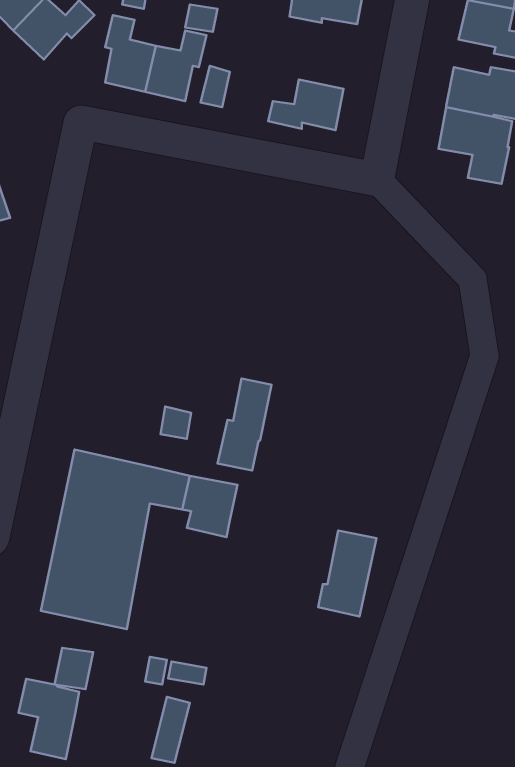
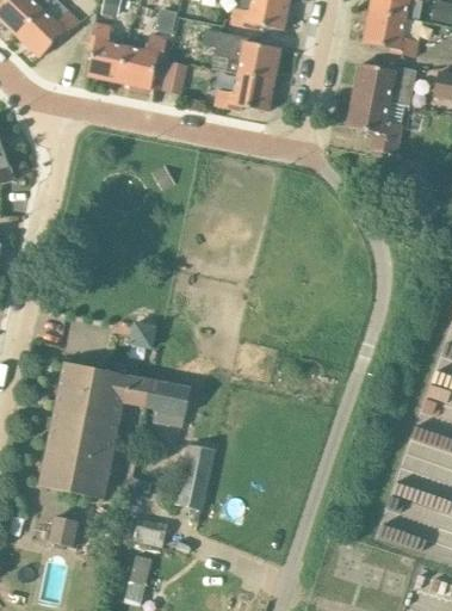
building: none -> [203,27,280,79]
building: [218,378,272,471] -> none
building: [318,530,377,616] -> [171,442,216,508]
building: [19,679,79,759] -> none

